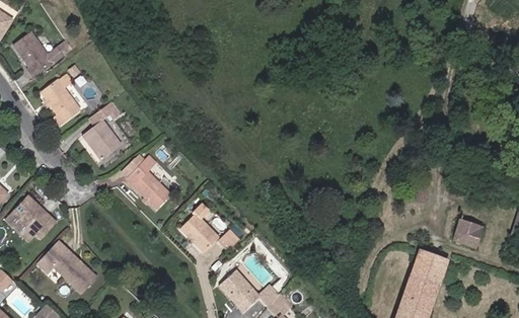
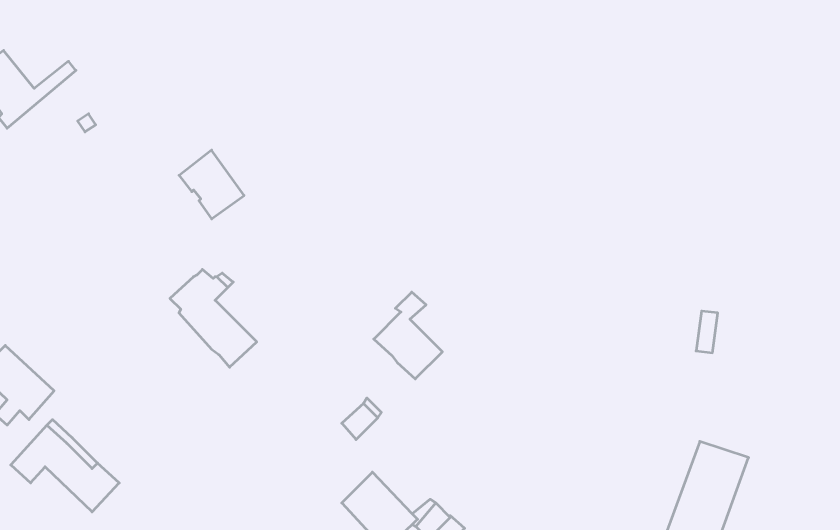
building: [42,76,80,127] -> none
building: [84,122,121,160] -> [179,150,244,219]
building: [180,204,219,252] -> [374,292,442,379]
building: [453,220,483,248] -> none

